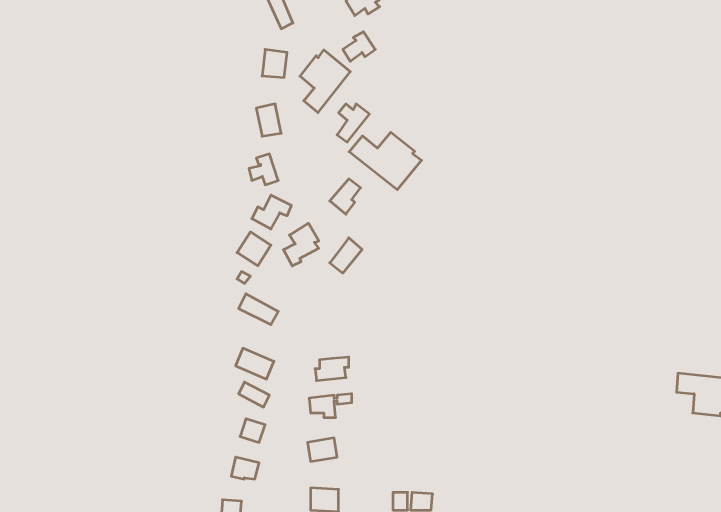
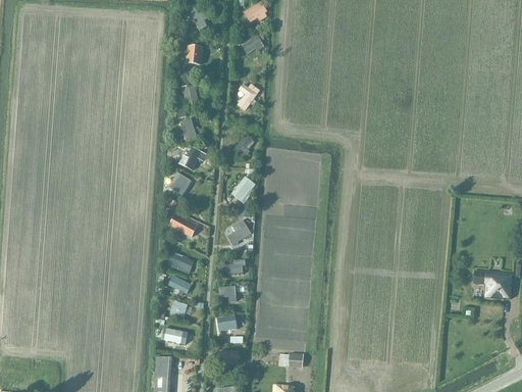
building: [300,50,350,113] -> none
building: [349,132,422,190] -> none
building: [283,223,319,266] -> [227,216,252,246]

